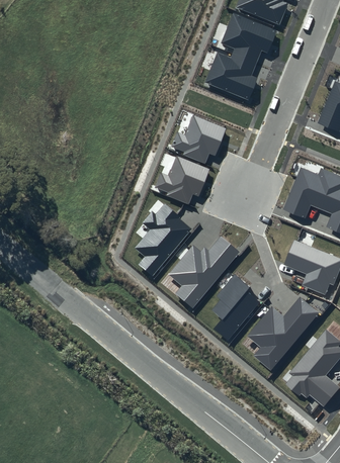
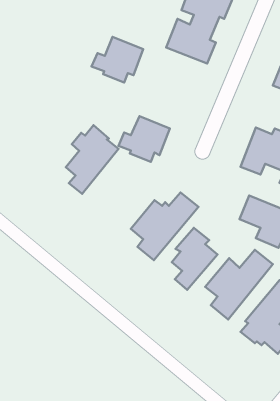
building: [171,115,226,164] -> [92,37,143,83]
building: [136,203,191,276] -> [66,125,118,194]

